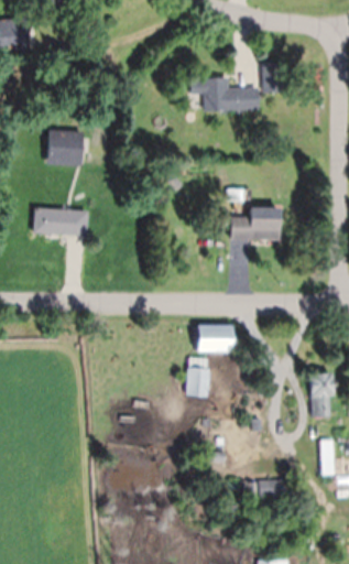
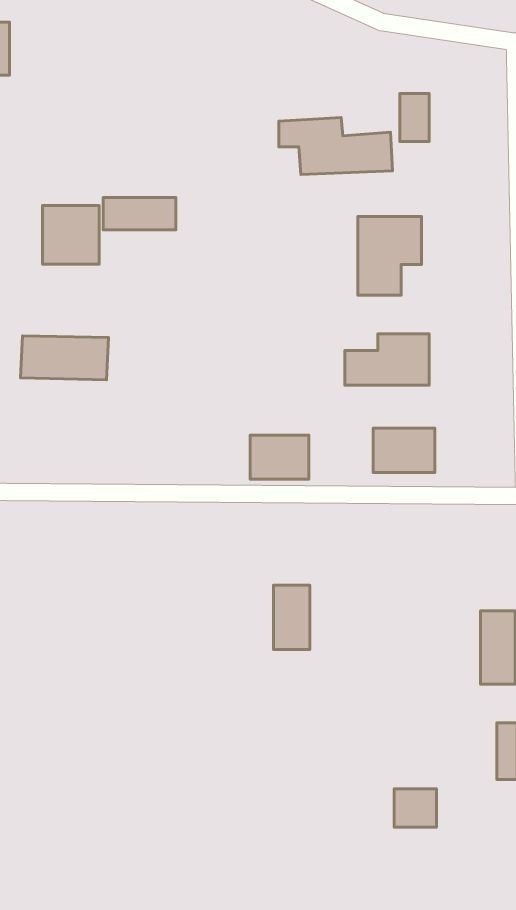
building: none -> [103,198,176,230]
building: none -> [358,217,422,295]
building: none -> [373,428,435,472]
building: [197,325,232,351] -> [250,435,309,479]

